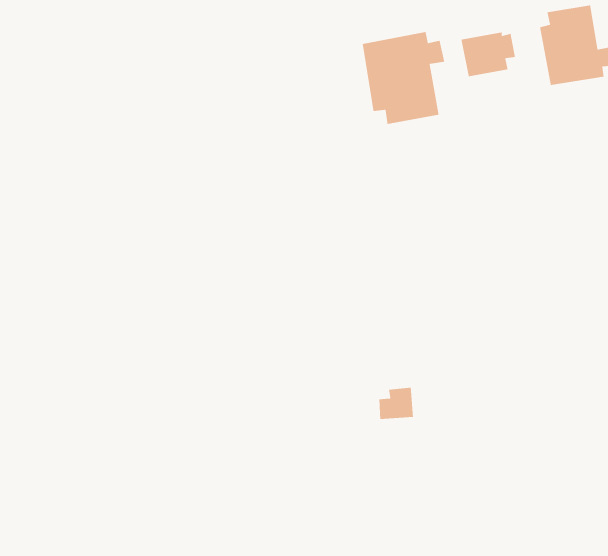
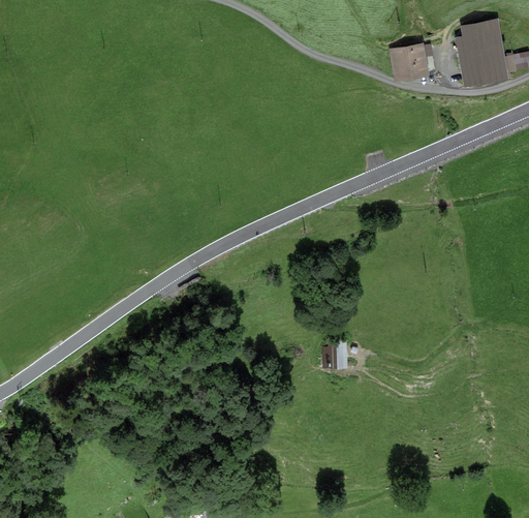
building: [362,31,445,125] -> none

